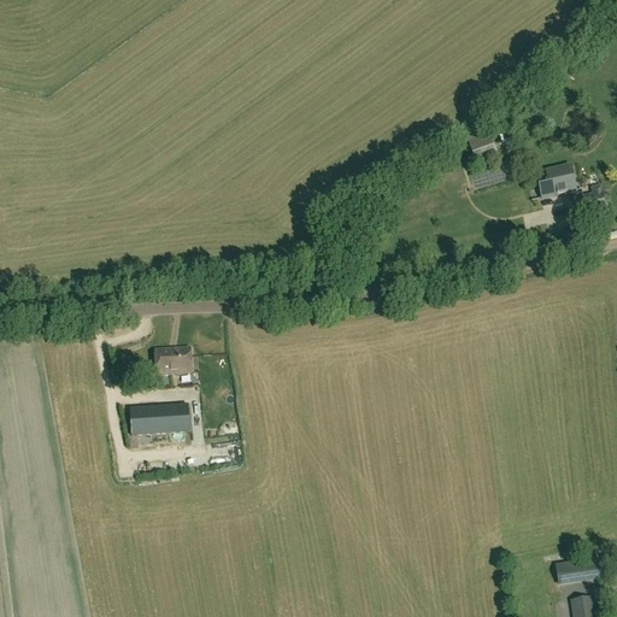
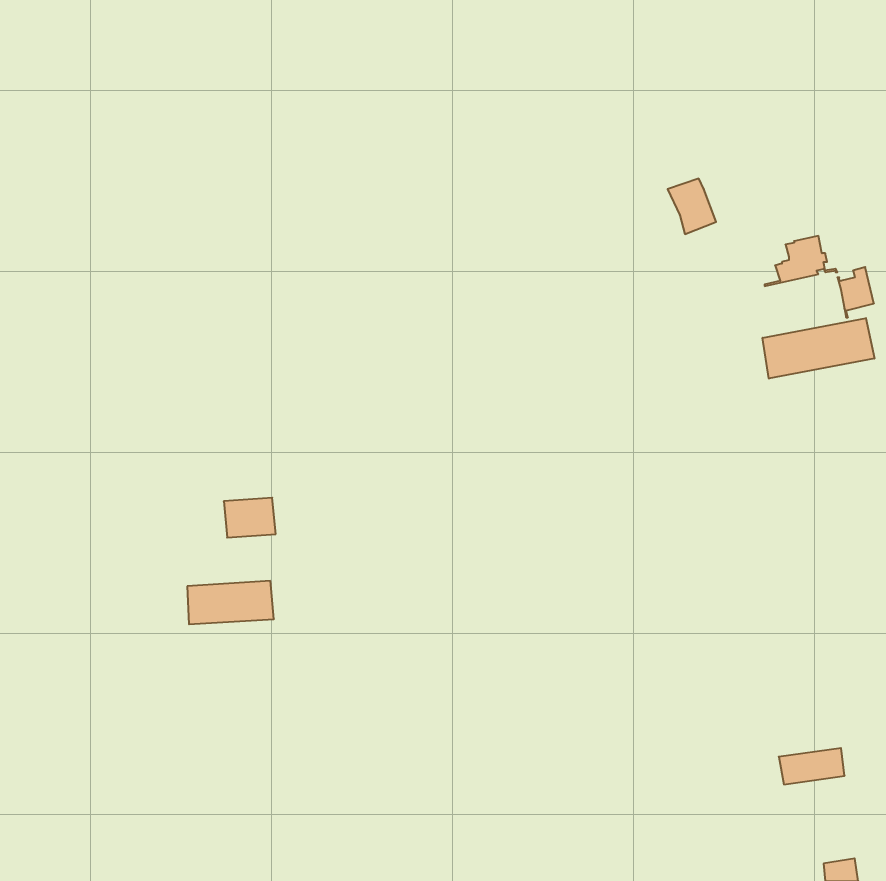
building: none -> [763,318,874,379]
building: [556,557,601,582] -> [779,748,845,784]

